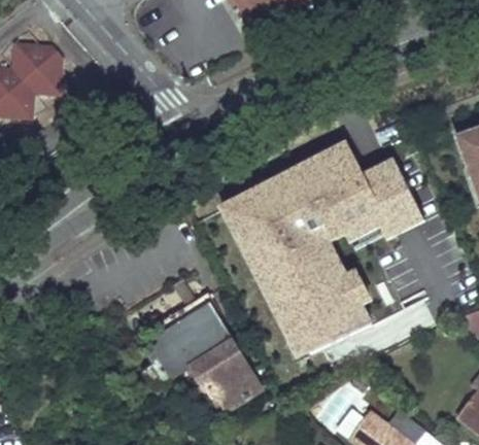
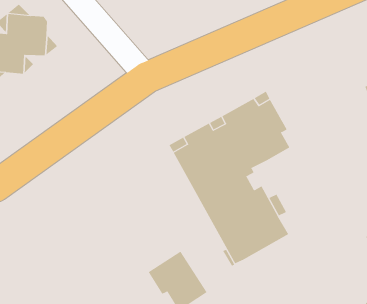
building: [339,159,417,242] -> none
building: [136,297,232,389] -> none

